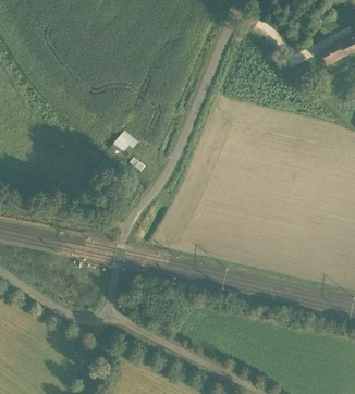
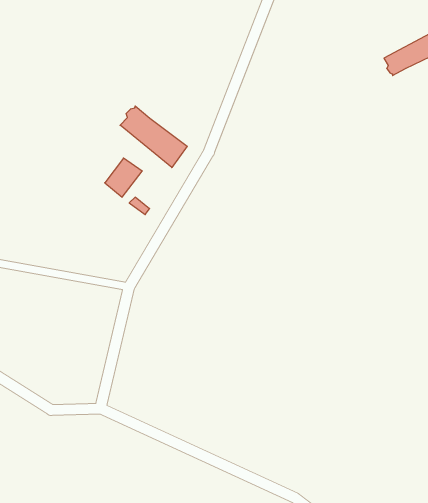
building: none -> [120,106,187,168]

